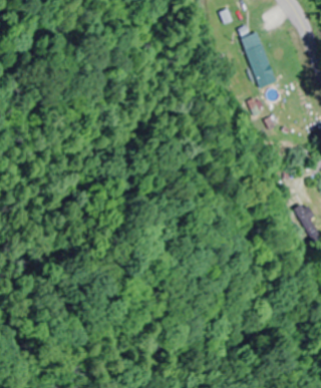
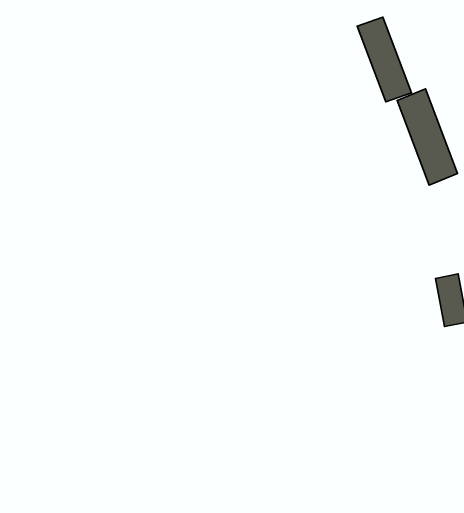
building: none -> [397,89,458,185]

